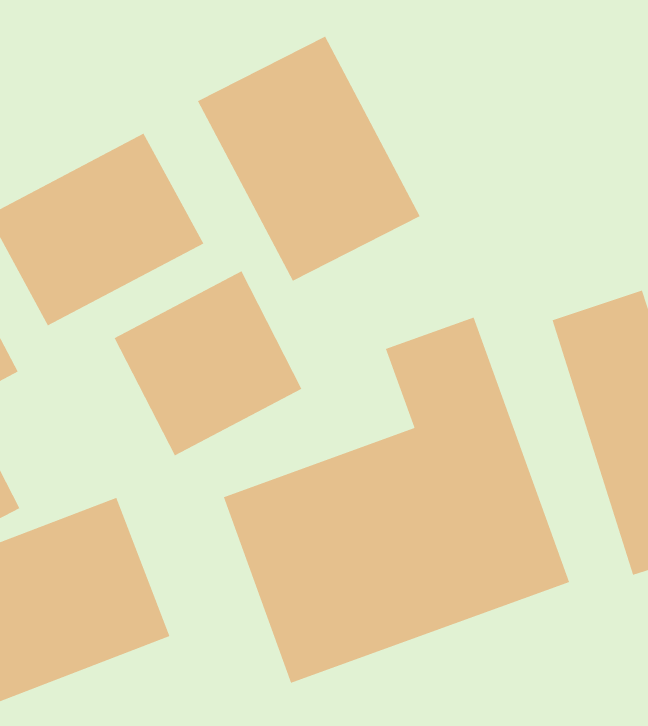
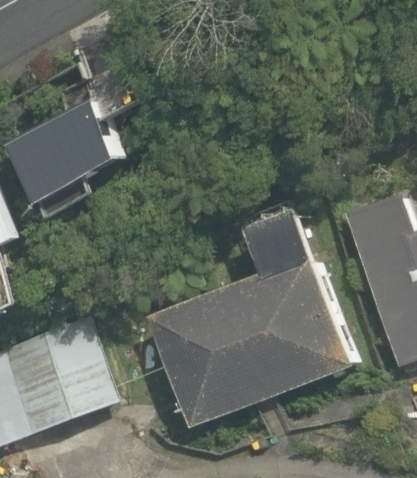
building: [197,35,421,282] -> none
building: [113,270,303,457] -> none

